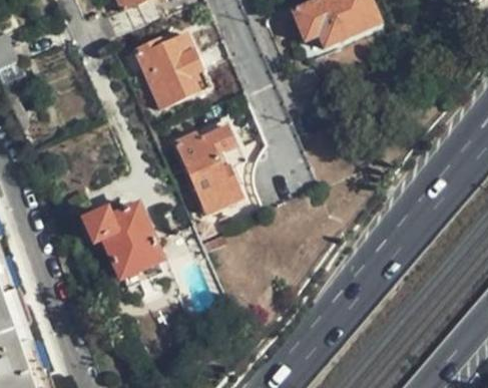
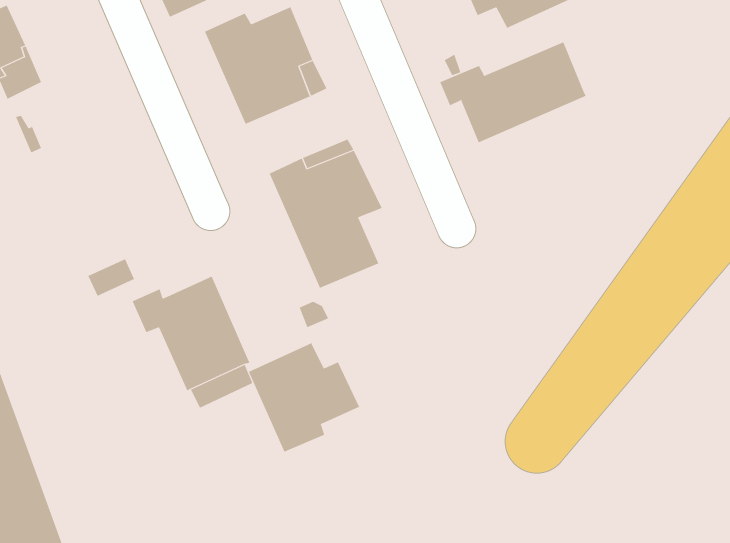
building: none -> [439,42,587,143]
building: none -> [248,342,360,452]

